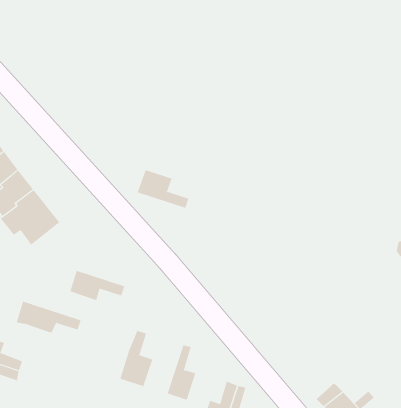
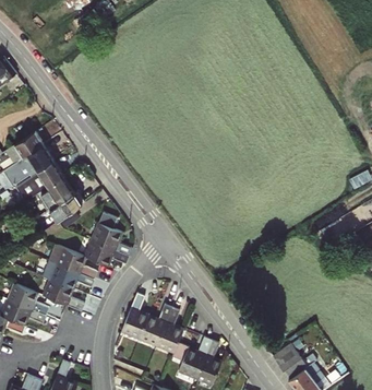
building: [137,169,189,208] -> [92,223,132,256]
building: none -> [48,245,95,280]
building: none -> [41,280,83,311]
building: none -> [137,302,170,342]

